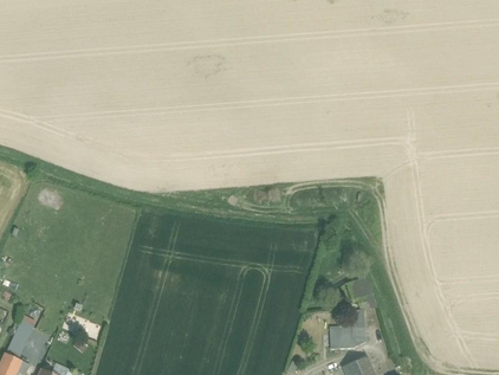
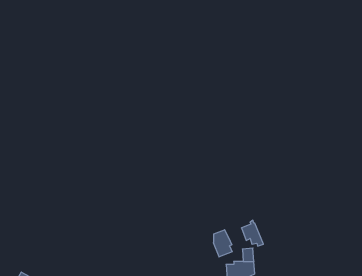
building: none -> [213,230,232,257]

